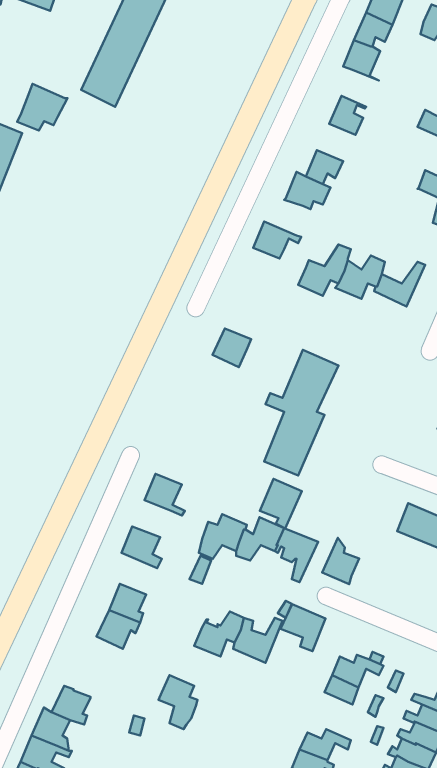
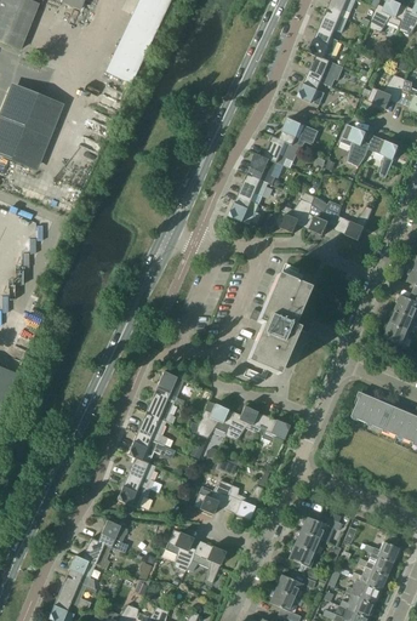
building: none -> [308,55,343,86]
building: [17,84,68,130] -> none
building: none -> [341,123,369,165]
building: none -> [247,153,284,184]
building: [213,328,251,367] -> [229,194,259,224]
building: [260,479,302,528] -> none
building: none -> [144,392,175,422]
building: [322,538,359,584] -> none
building: none -> [127,433,164,466]
building: [281,604,326,651] -> none
building: none -> [98,519,127,552]
building: none -> [187,540,225,582]
building: none -> [289,542,320,577]

